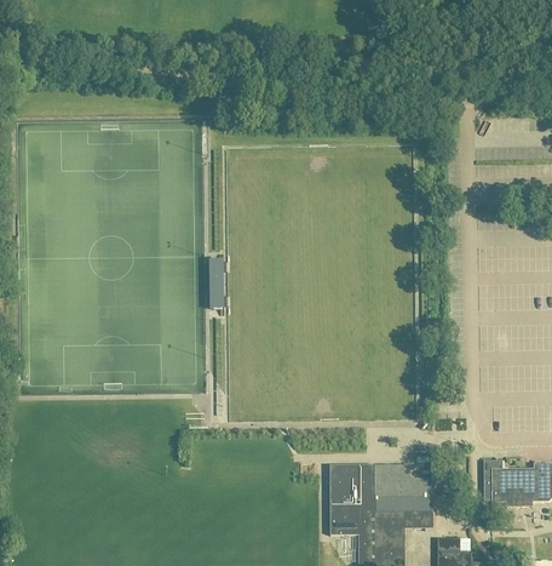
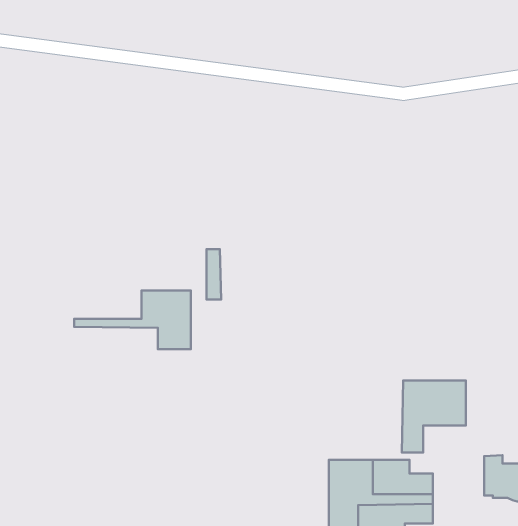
building: none -> [74,290,191,349]
building: none -> [402,381,466,452]

